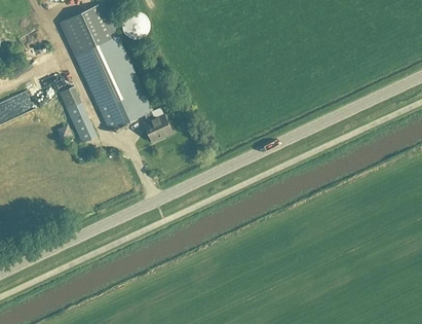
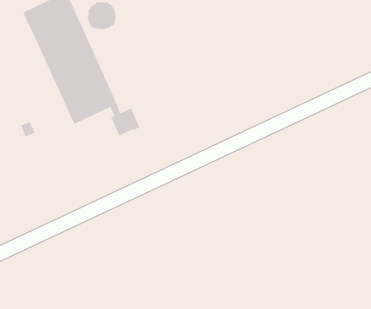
building: [59,86,95,143] -> none

